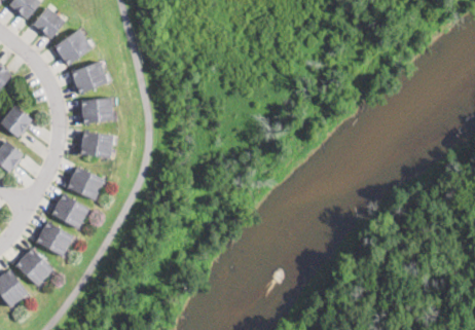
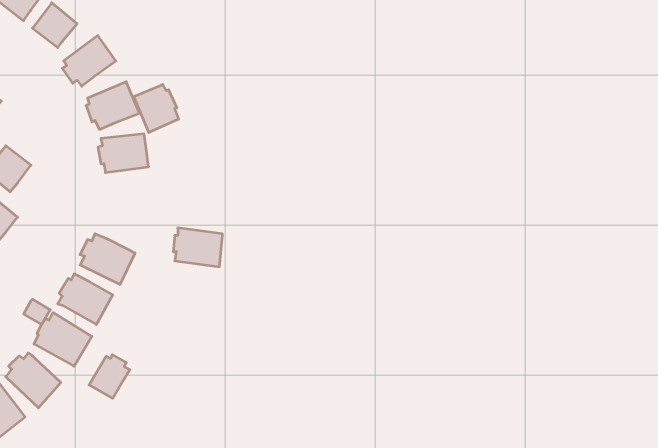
building: none -> [134,84,179,133]
building: [79,132,113,158] -> [173,228,222,267]
building: none -> [89,355,130,398]

